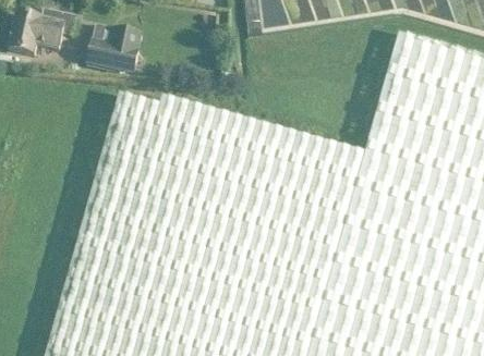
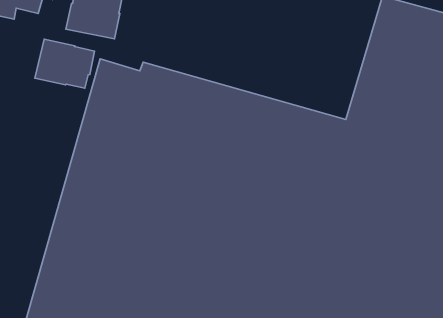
building: none -> [35,39,94,88]

